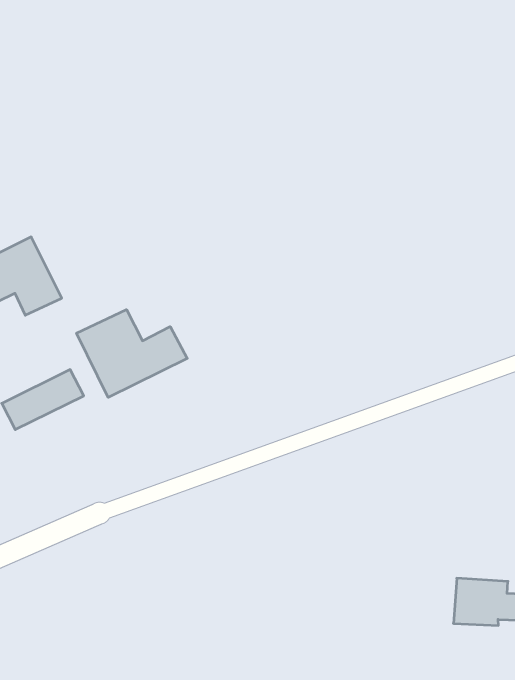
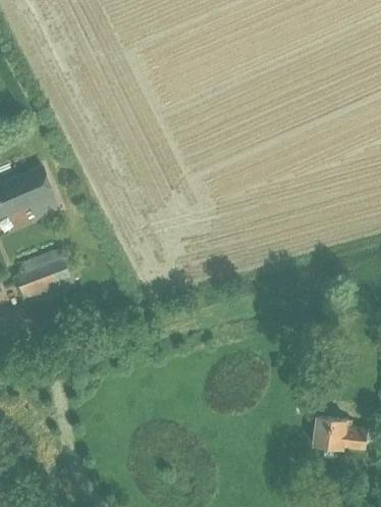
building: [77,310,187,397] -> none

